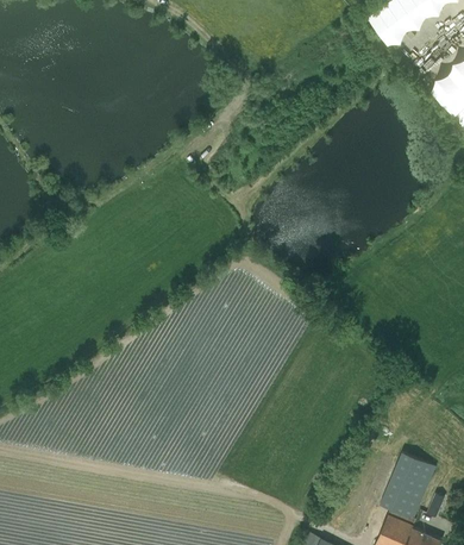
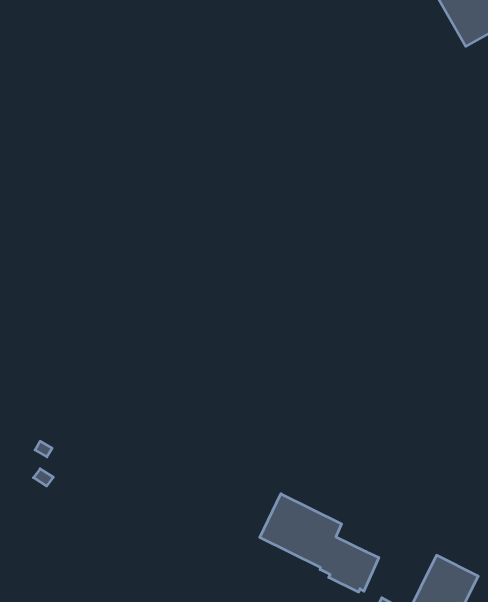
building: none -> [260,494,379,592]

